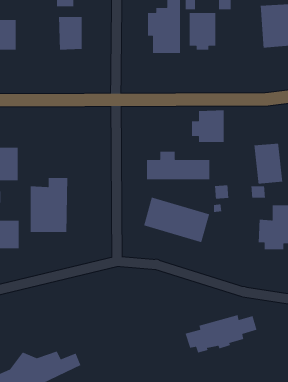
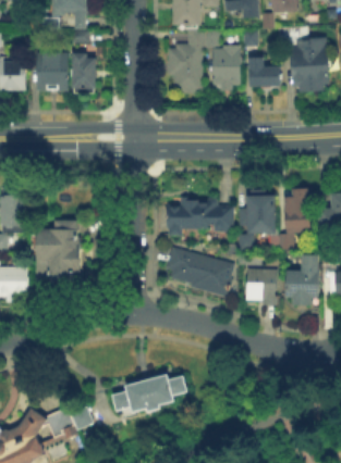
building: none -> [35,52,69,90]
building: none -> [247,55,281,85]
building: [191,109,224,143] -> [239,195,275,230]
building: none -> [247,267,279,300]
building: [184,314,257,354] -> [111,374,190,416]

